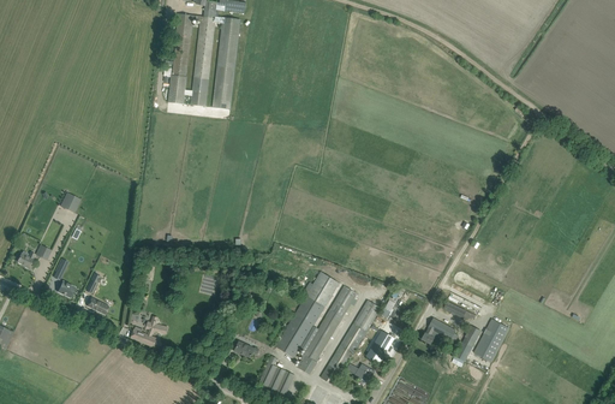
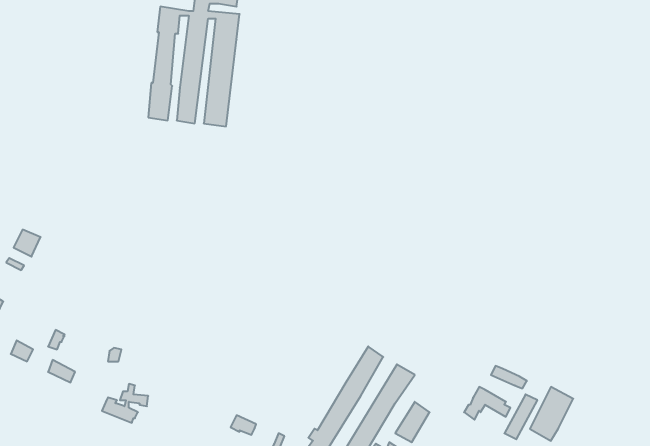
building: [275,271,339,357] -> none

